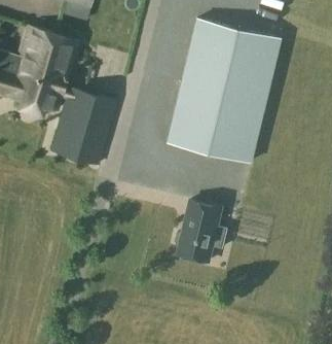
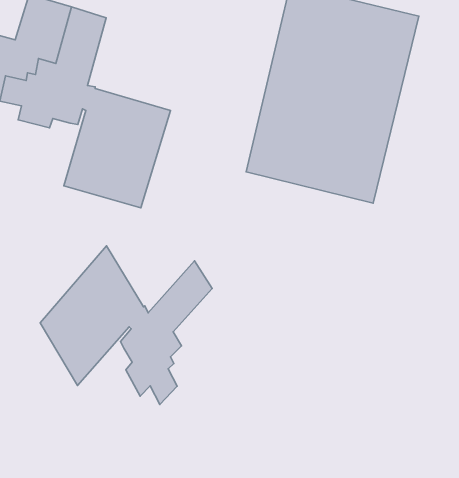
building: none -> [40,246,212,405]
building: [176,201,226,263] -> none

